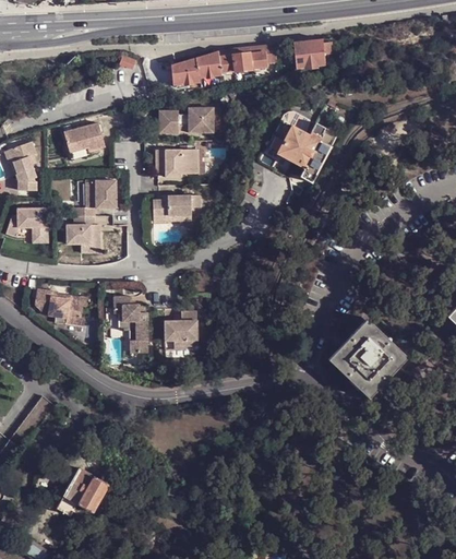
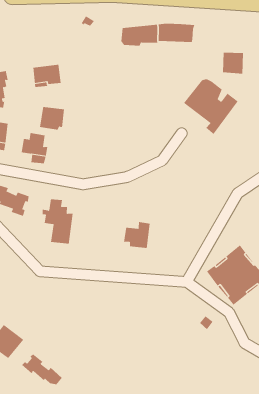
building: [295,38,325,68] -> [222,52,244,74]
building: [160,109,214,135] -> none
building: [156,148,200,177] -> none
building: [154,195,200,221] -> none
building: [166,311,199,345] -> [123,222,151,249]
building: none -> [21,353,63,385]

